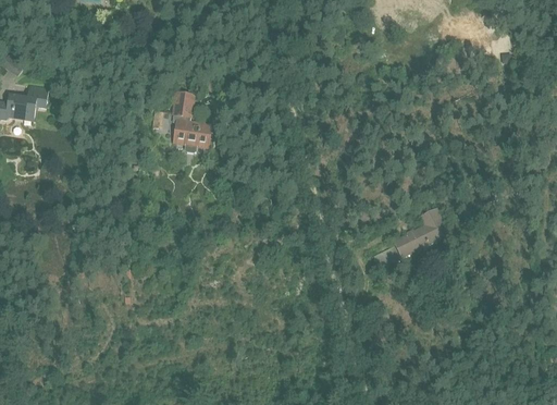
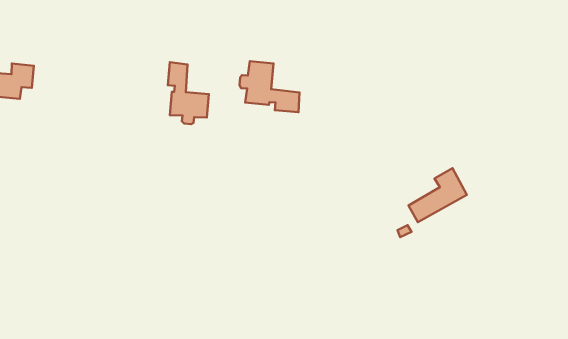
building: none -> [239,61,299,112]

